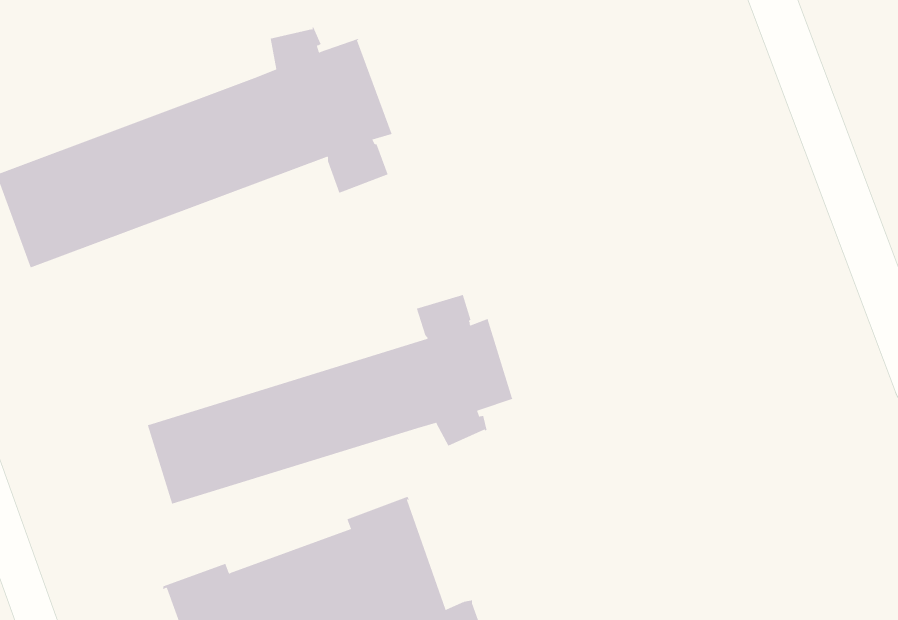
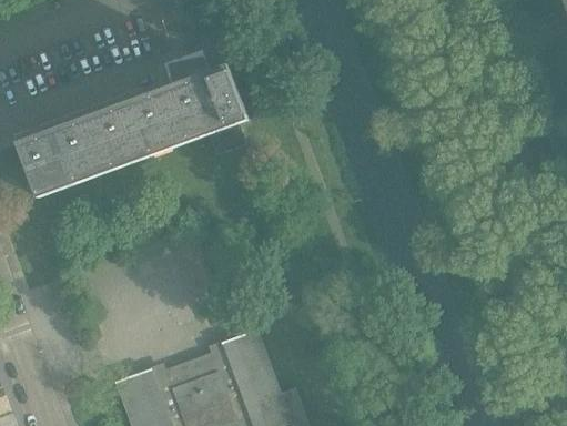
building: [147,294,515,505] -> none

